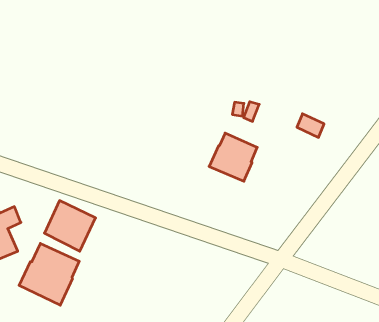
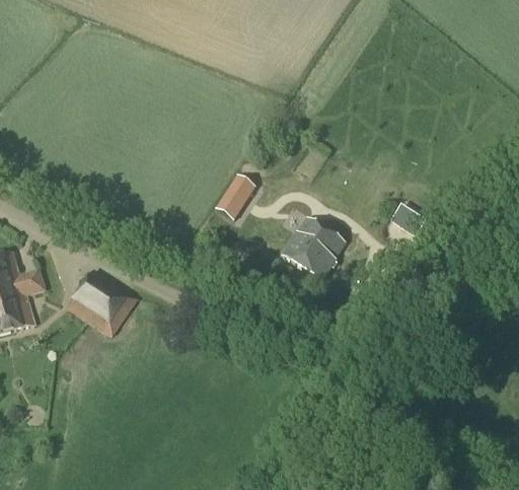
building: none -> [221,173,254,208]
building: [19,243,79,305] -> none

